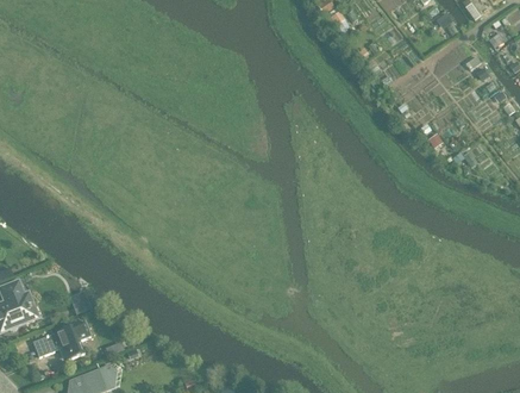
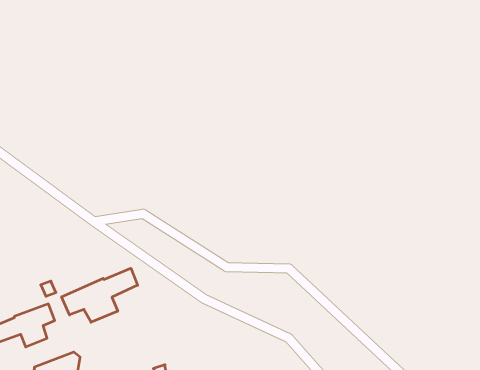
building: none -> [62,268,138,322]

